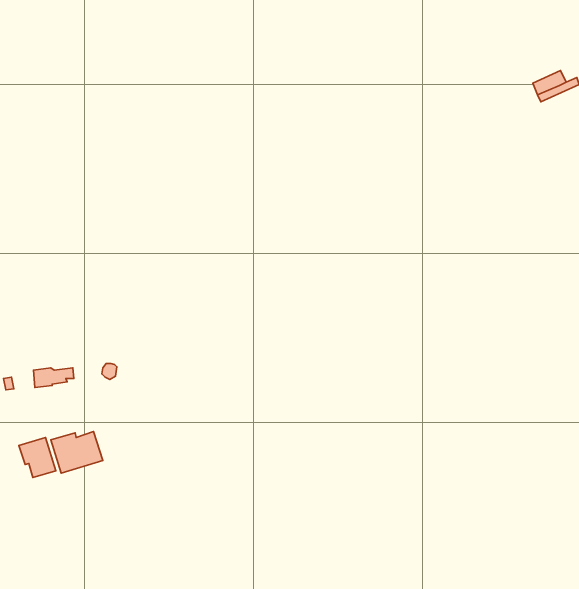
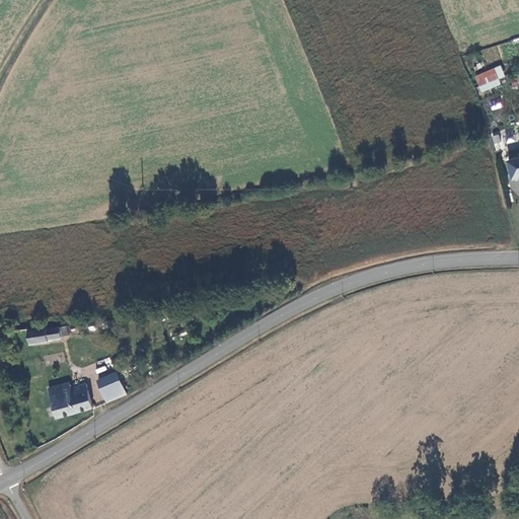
building: none -> [97,373,125,401]
building: [19,437,56,477] -> none

